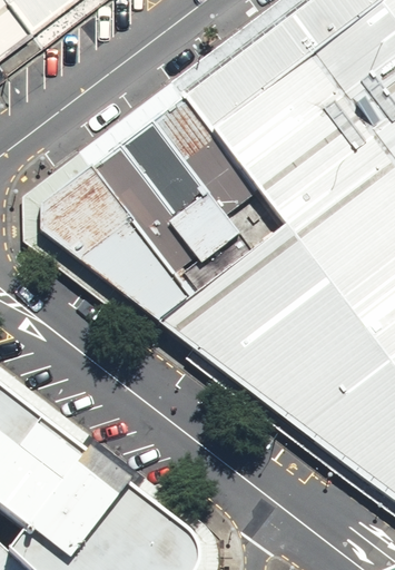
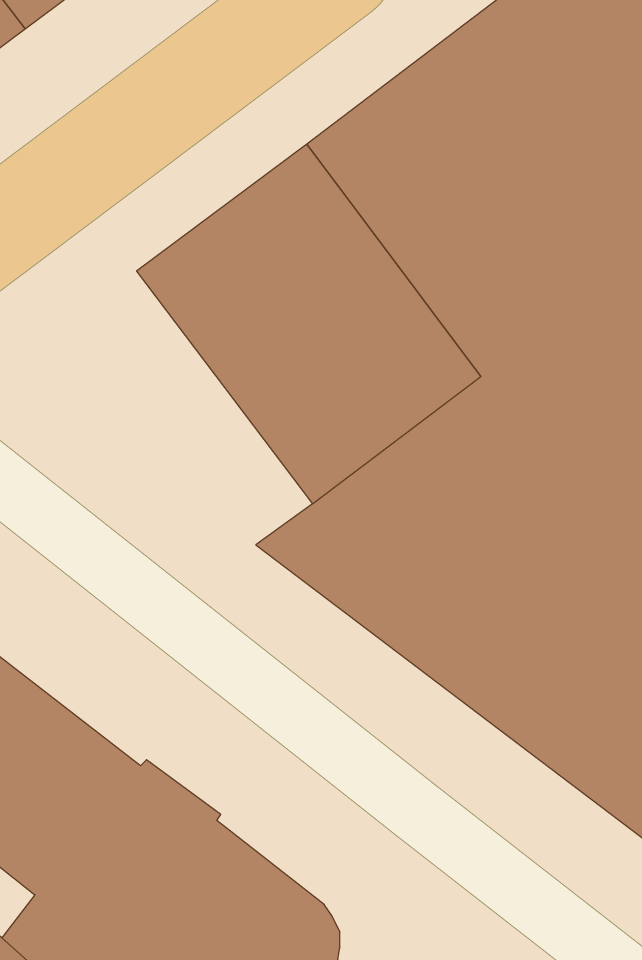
building: [40,167,191,323] -> none

